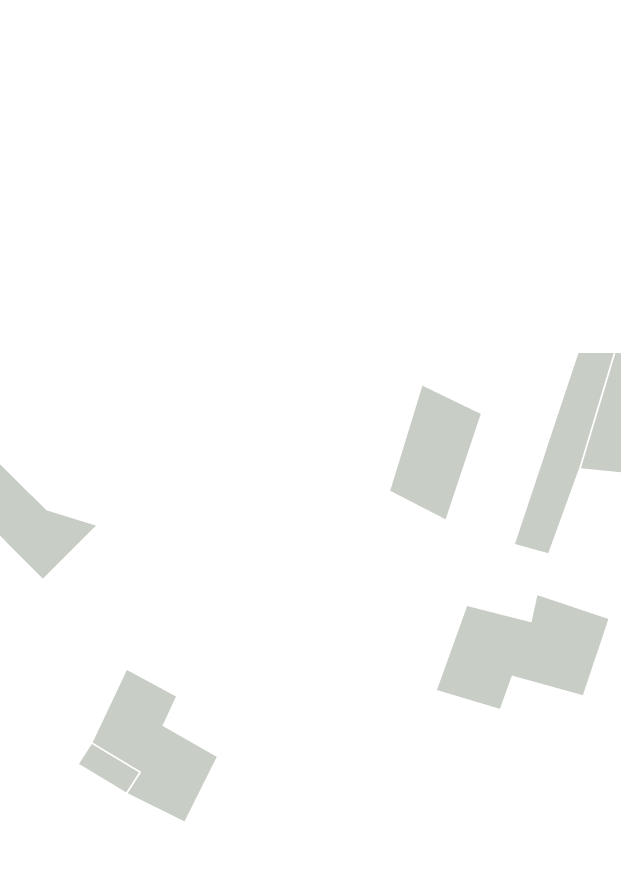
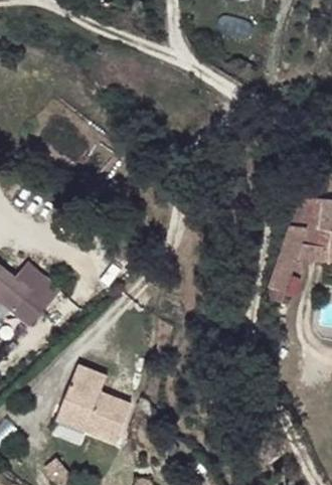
building: [389,384,482,521] -> none
building: [436,594,609,710] -> none

